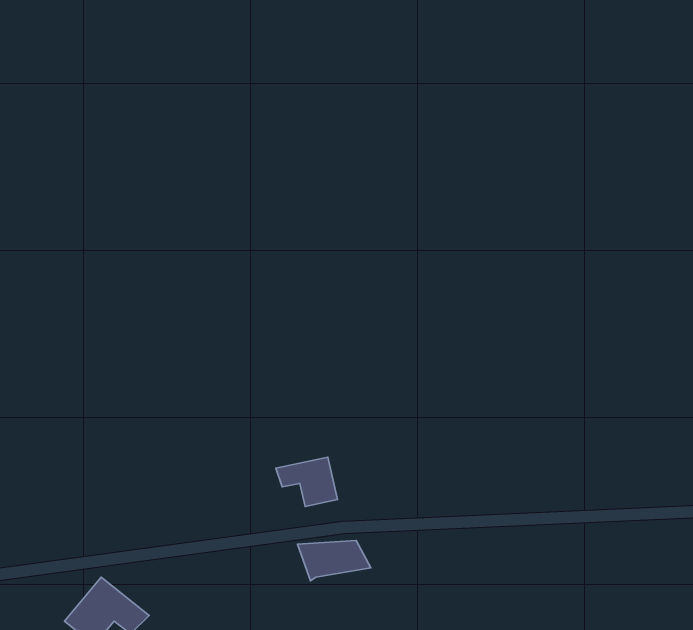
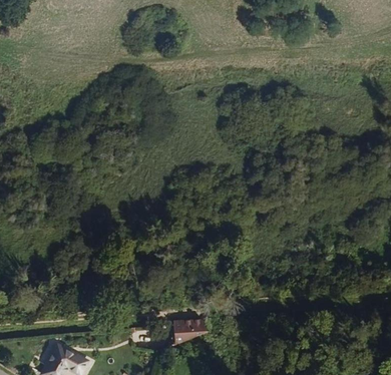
building: [276,457,337,506] -> none

